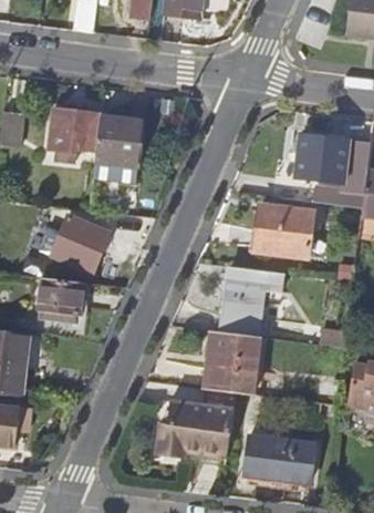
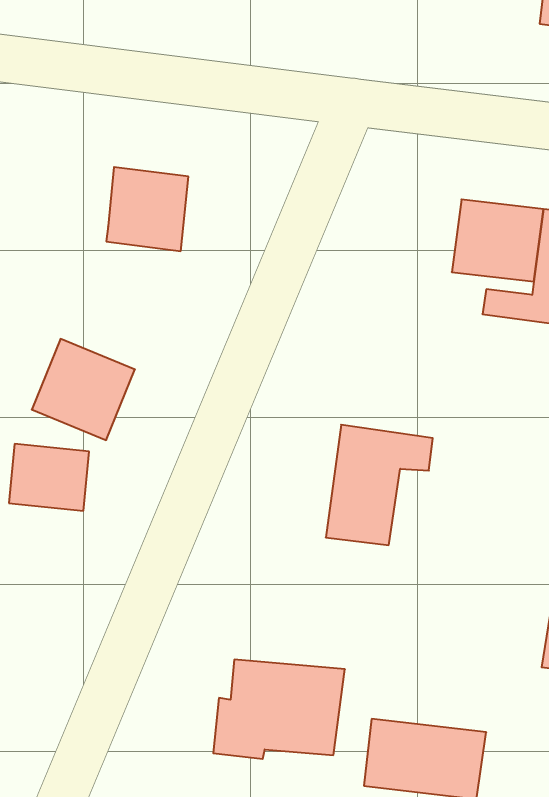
building: [48,109,100,151] -> none
building: [256,207,312,255] -> none
building: [204,330,259,393] -> none

